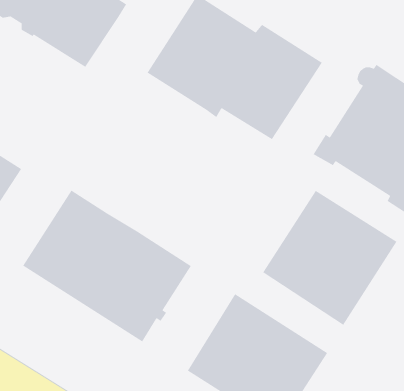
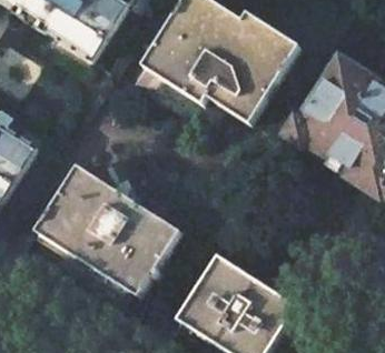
building: [262,190,397,326] -> none

